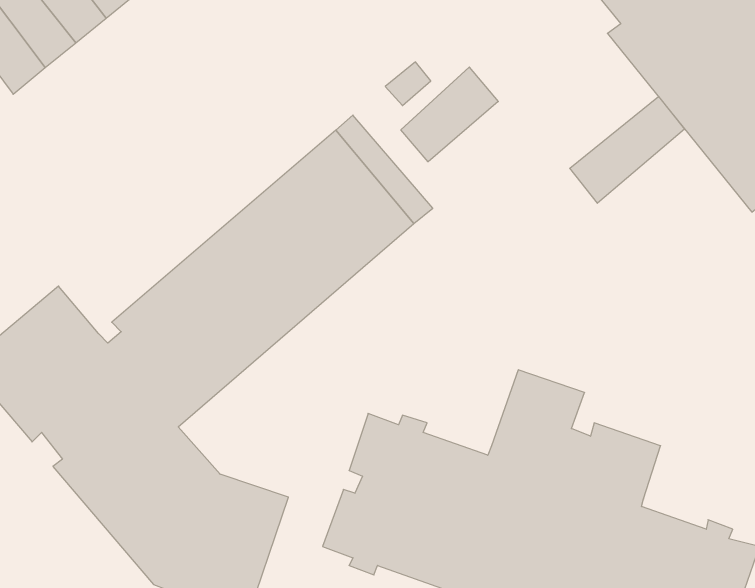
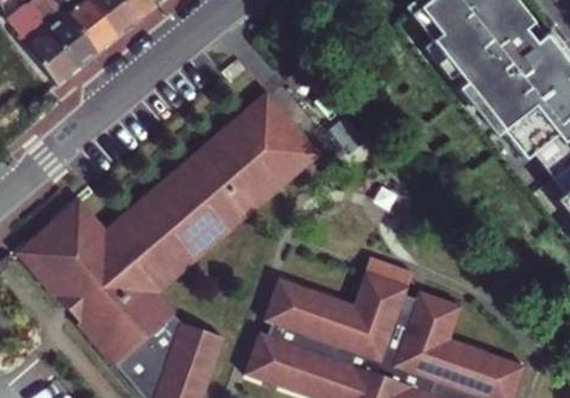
building: [401,67,498,162] -> none
building: [570,97,684,203] -> none

